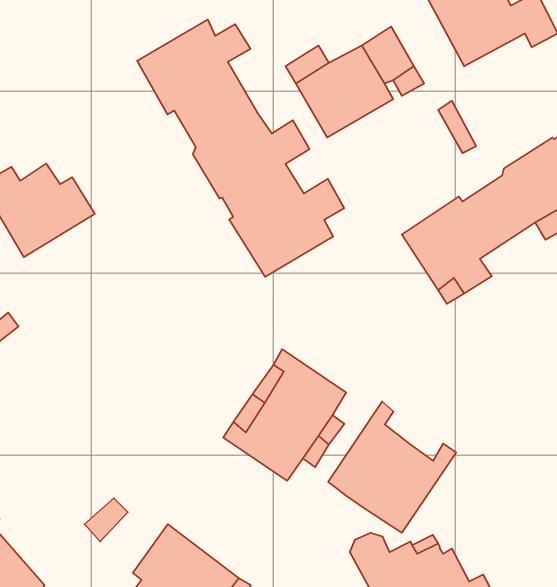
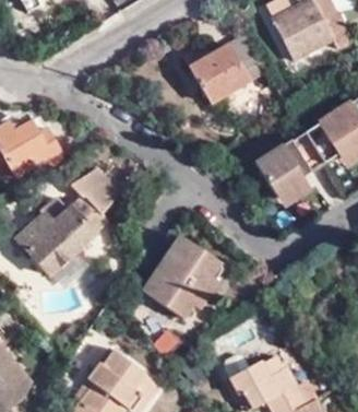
building: [137,20,344,277] -> none
building: none -> [16,173,122,279]
building: [328,402,456,533] -> none

